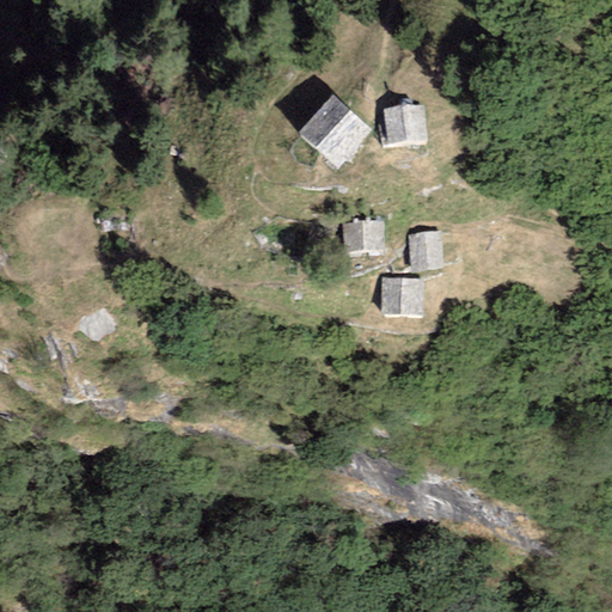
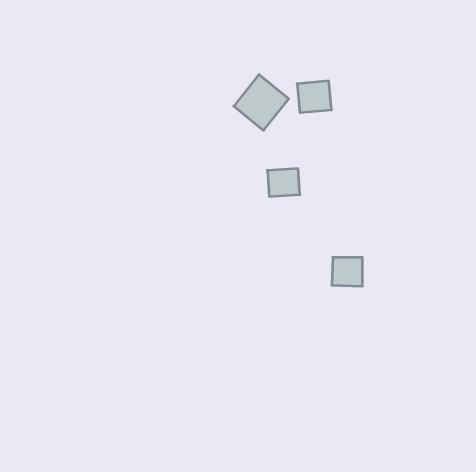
building: [408,230,440,269] -> none
building: [381,276,421,313] -> [332,257,362,286]

